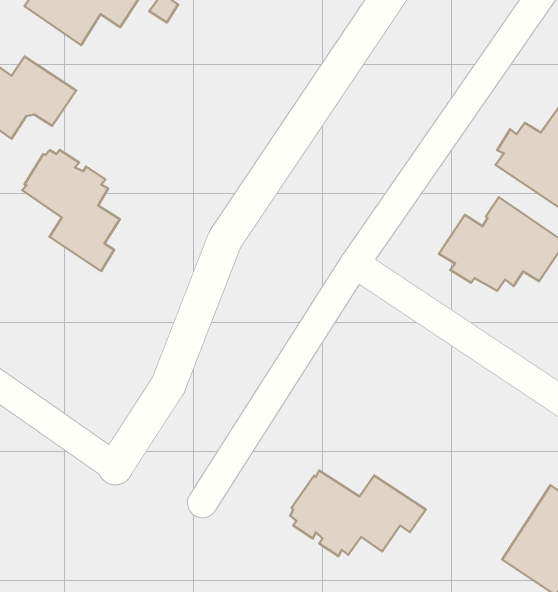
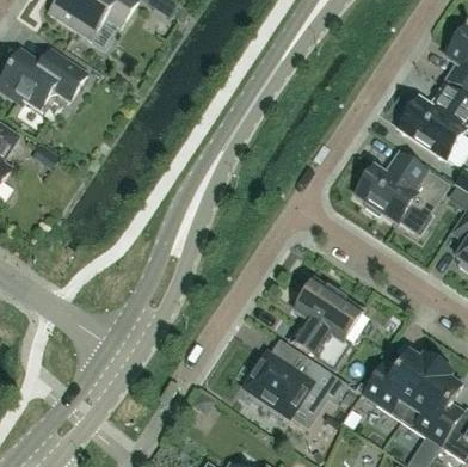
building: [22,150,120,271] -> none
building: none -> [289,278,362,367]
building: none -> [361,346,437,418]

